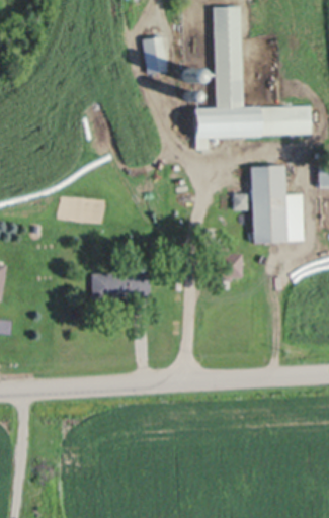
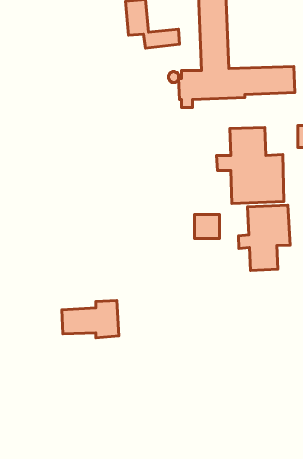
building: none -> [239,205,290,271]
building: [92,267,150,305] -> [62,301,119,338]

